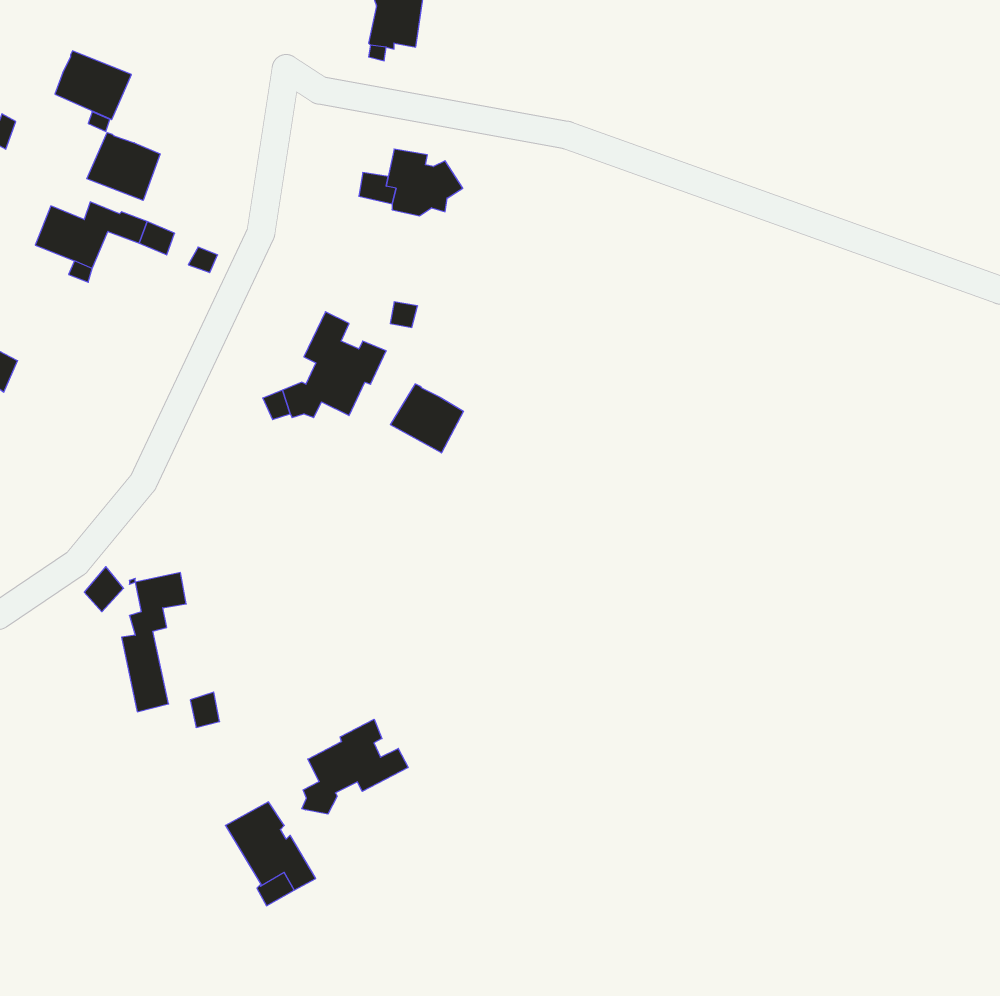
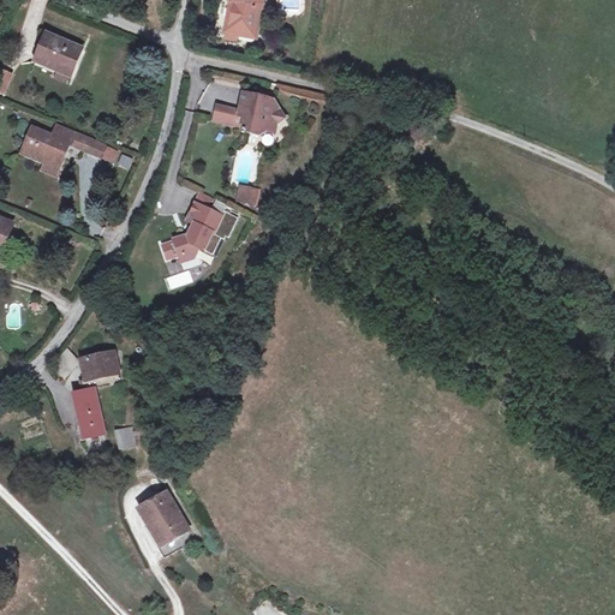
building: [87,133,160,200] -> none
building: [390,384,463,453] -> none
building: [302,719,408,814] -> none

